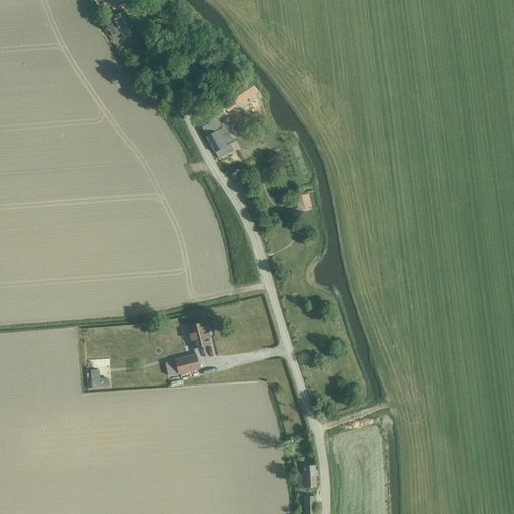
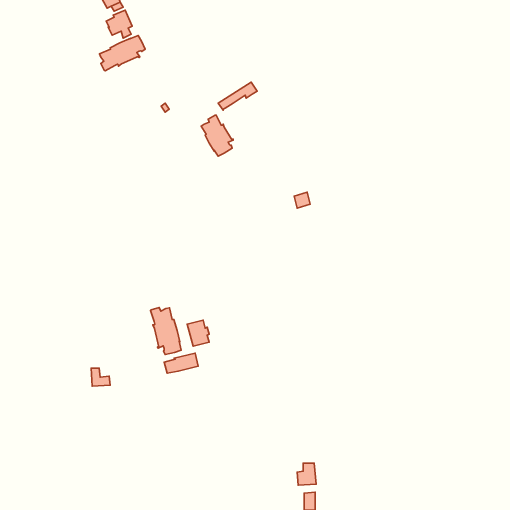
building: none -> [100,36,145,71]
building: none -> [151,307,181,355]

